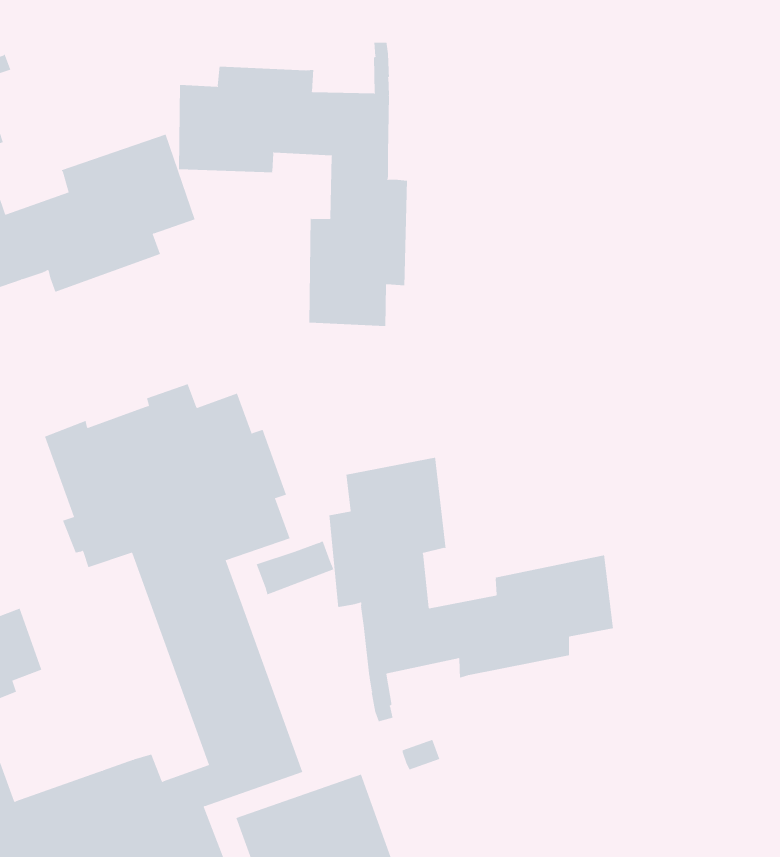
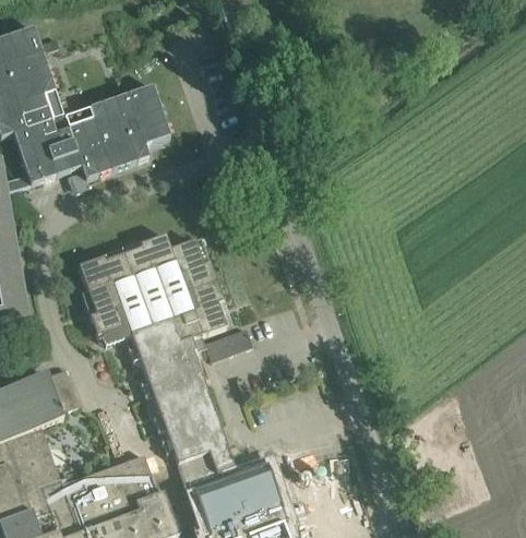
building: [179,42,408,327] -> none
building: [329,457,614,722] -> none

